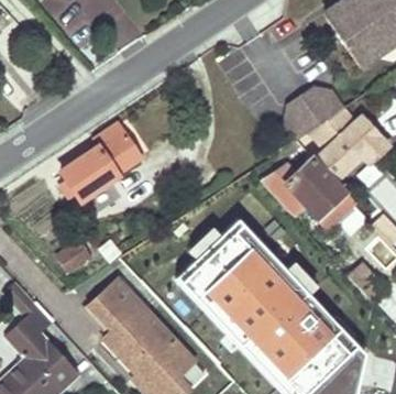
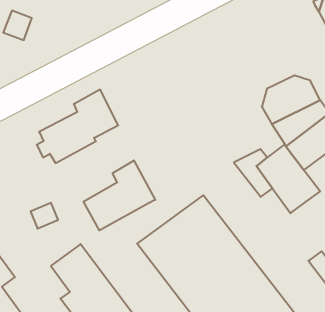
building: none -> [84,160,155,230]

